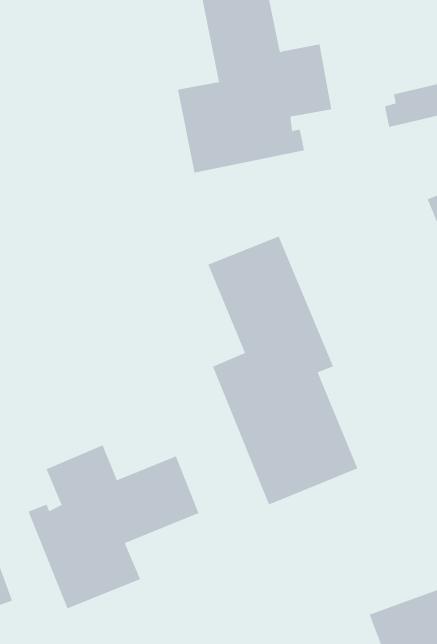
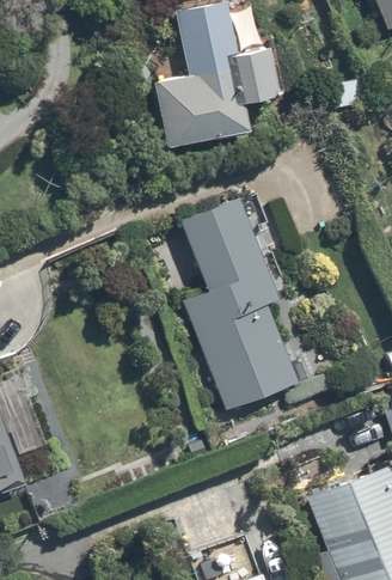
building: [28,445,199,609] -> none

